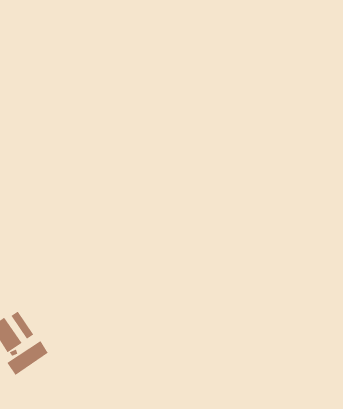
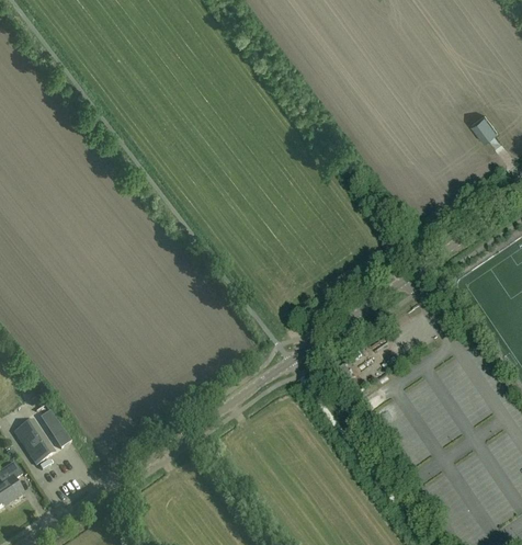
building: [7,340,49,376] -> none

